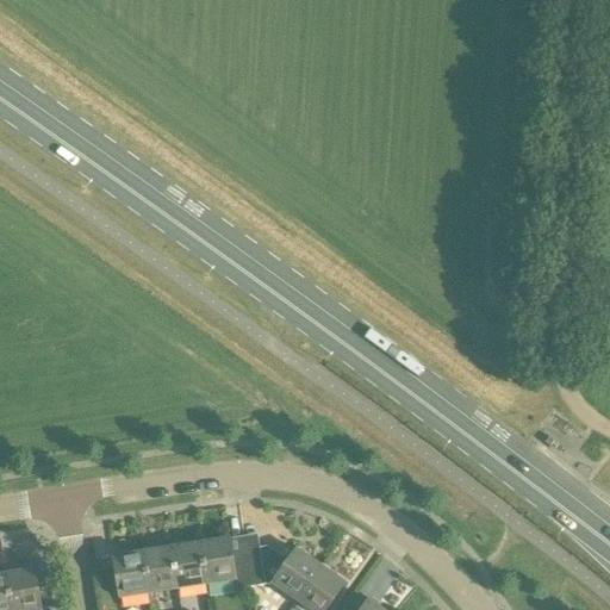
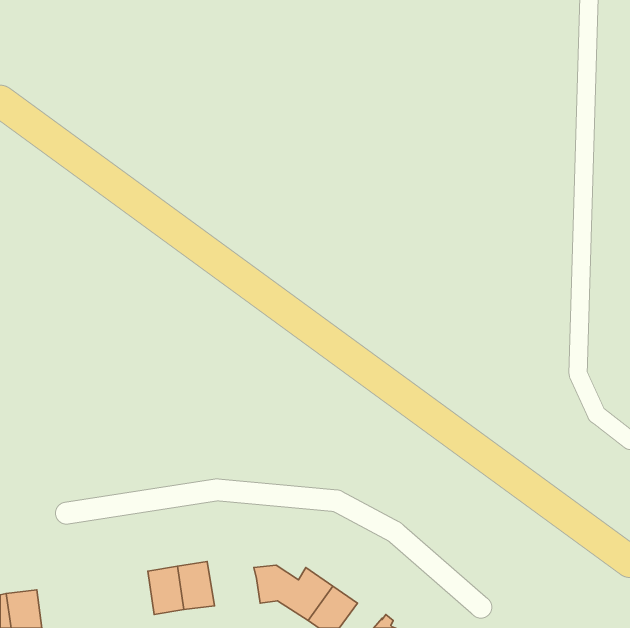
building: [200,539,251,585] -> none
building: [113,552,149,598] -> none

